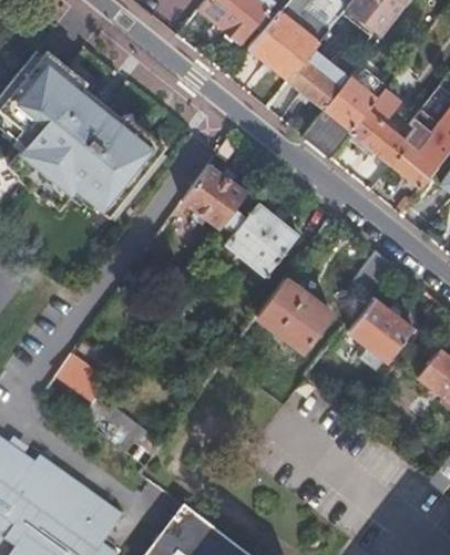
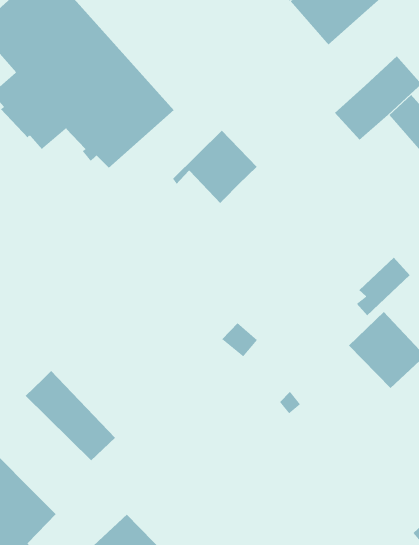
building: [289,49,349,107] -> none
building: [222,203,298,277] -> none
building: [258,277,333,350] -> none
building: [57,357,106,402] -> none

